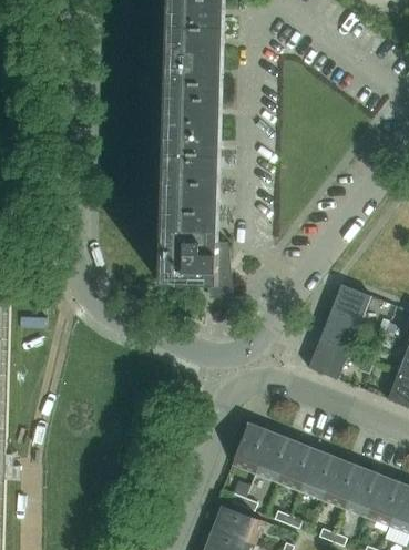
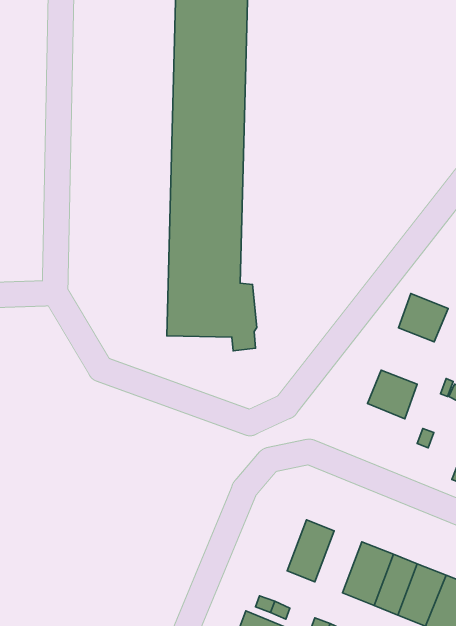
building: [329,283,369,322] -> [398,293,448,342]
building: [306,337,348,378] -> none
building: [231,421,269,471] -> none
building: [276,439,314,489] -> none

